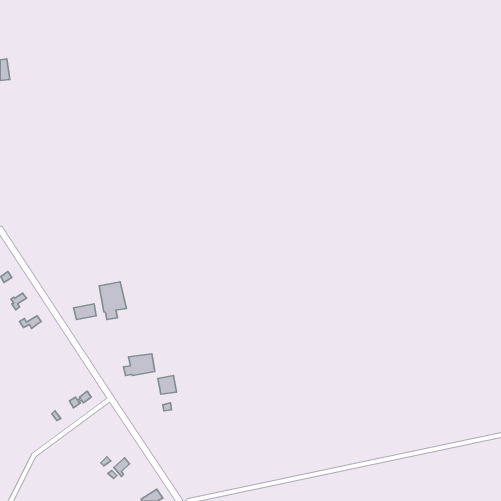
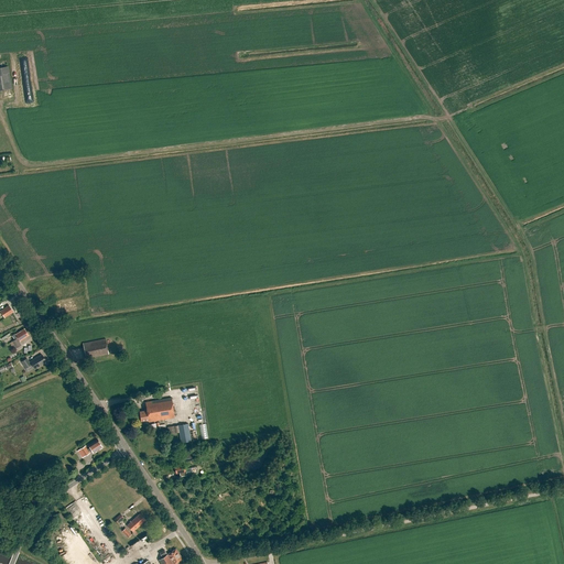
building: [99,282,126,319] -> none

